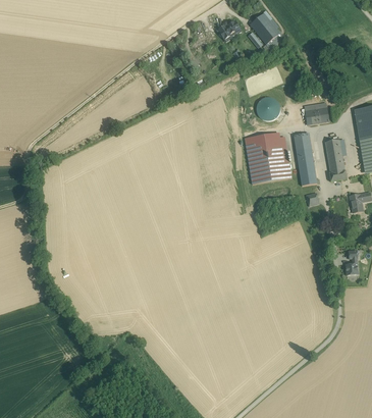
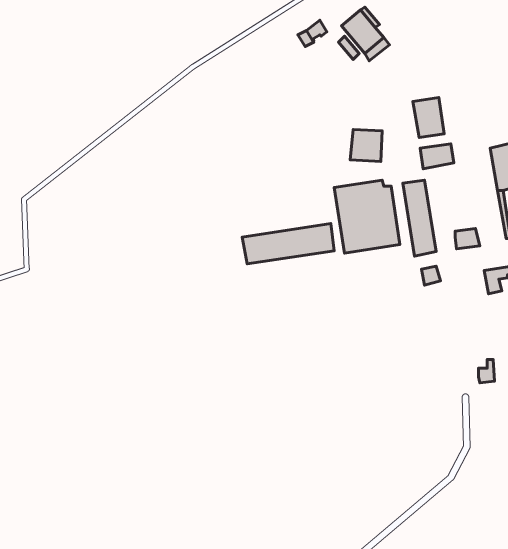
building: none -> [413,98,444,137]
building: [325,138,347,167] -> none
building: none -> [242,223,334,264]

